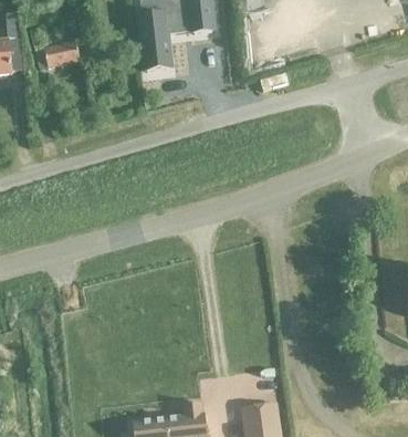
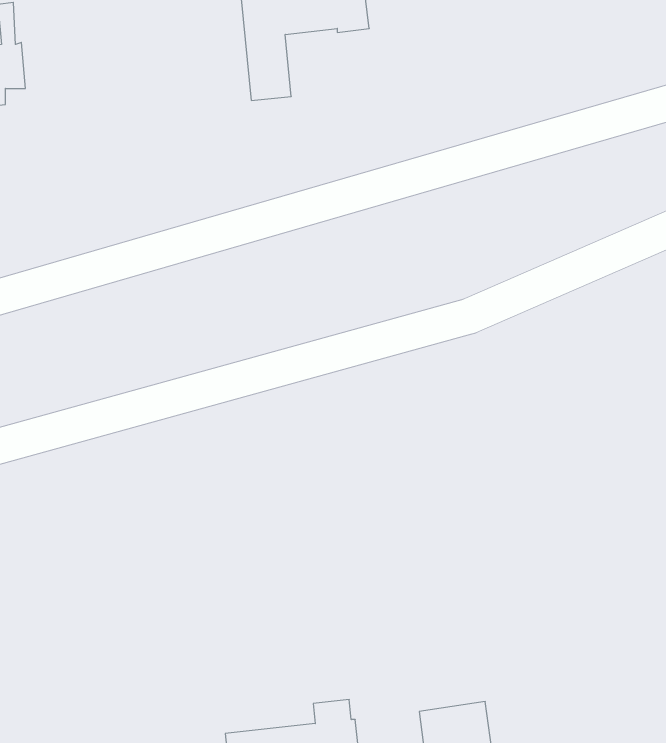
building: [35,39,80,67] -> none

